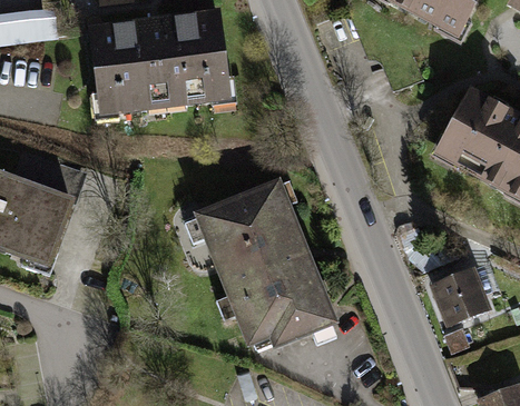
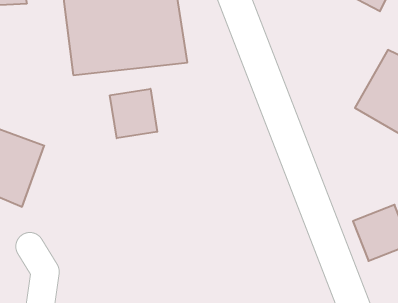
building: none -> [110,89,157,138]
building: [208,187,333,344] -> none

